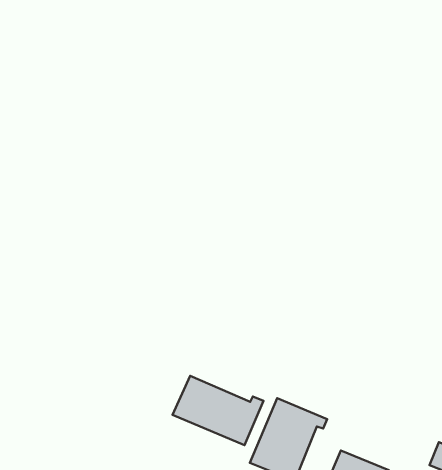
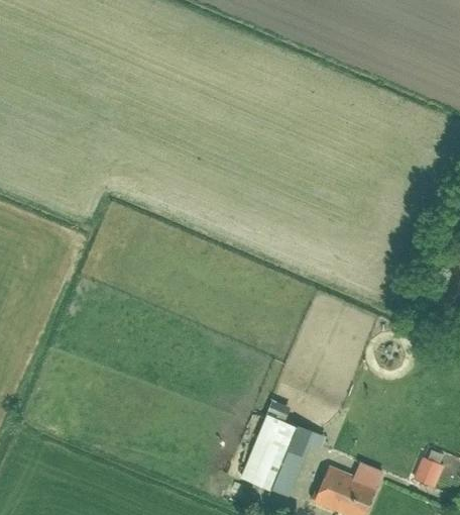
building: [173,376,263,445] -> none

